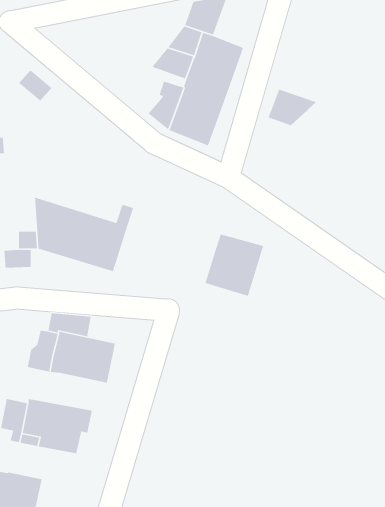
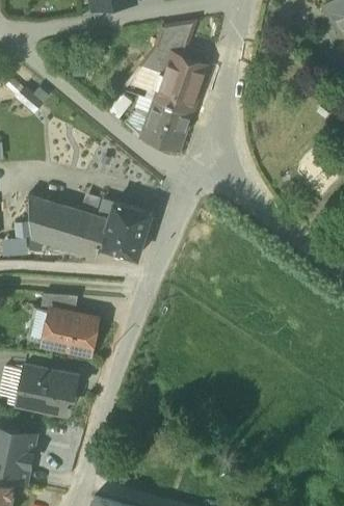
building: [267,88,317,126] -> none
building: [204,233,264,297] -> [102,203,153,257]

